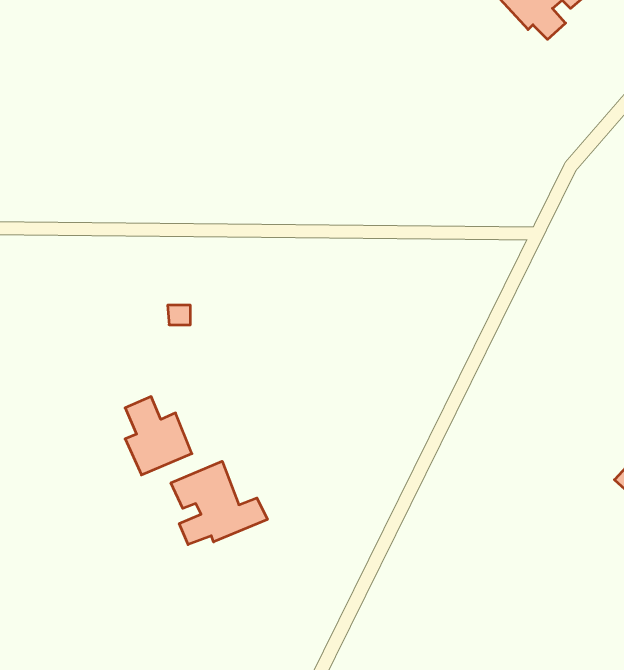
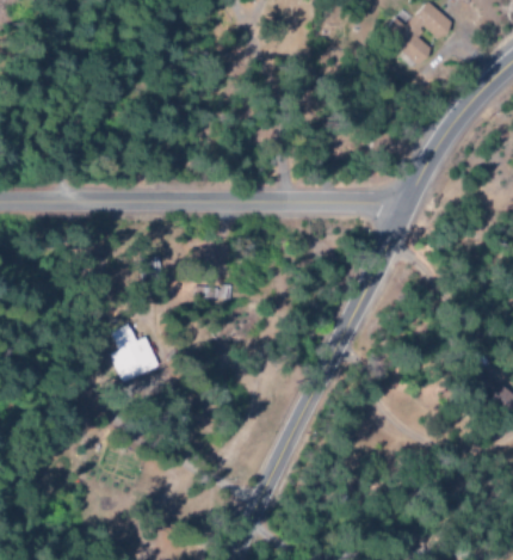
building: [171,461,267,545] -> none

